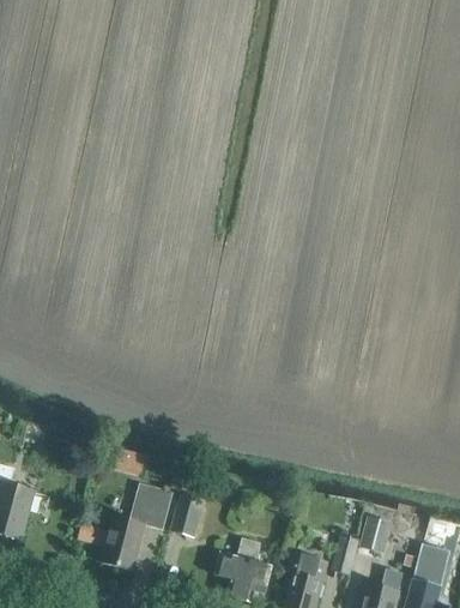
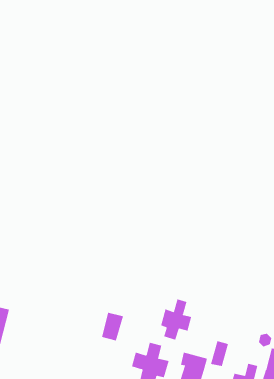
building: none -> [161,298,192,340]
building: [101,483,172,571] -> none
building: [359,517,391,553] -> none

